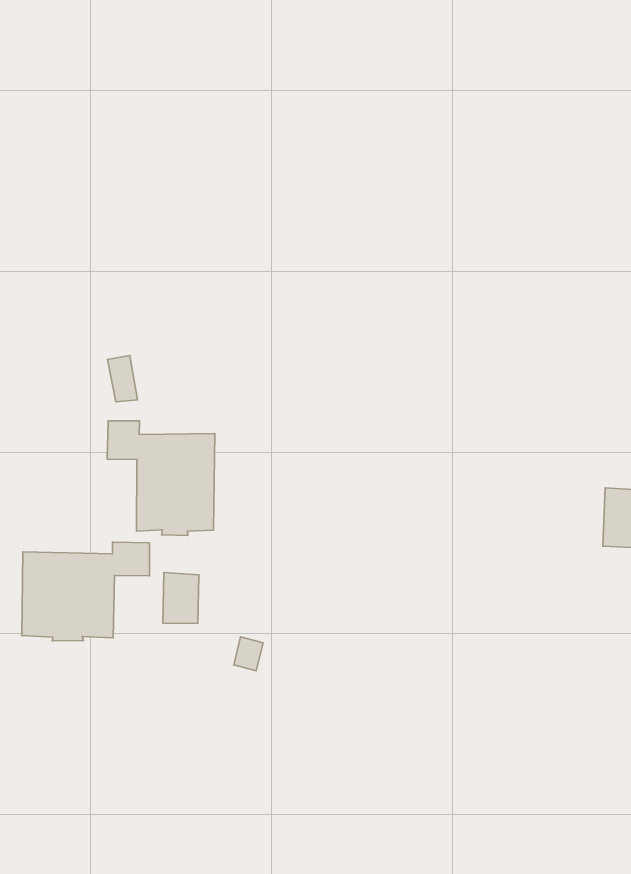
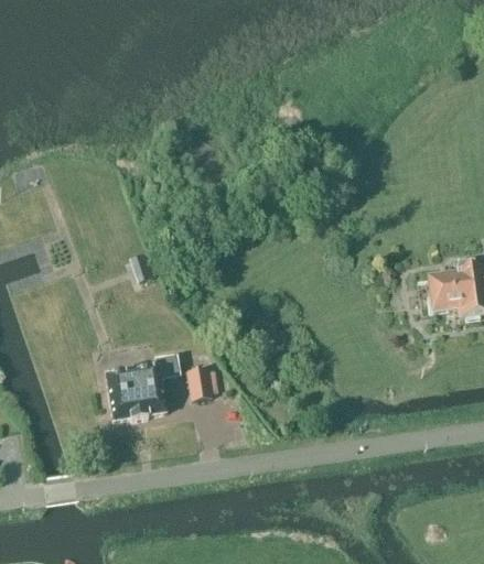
building: [107,421,215,536] -> none

